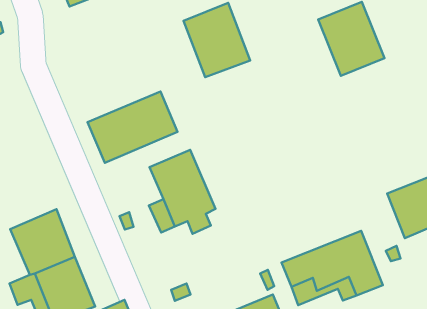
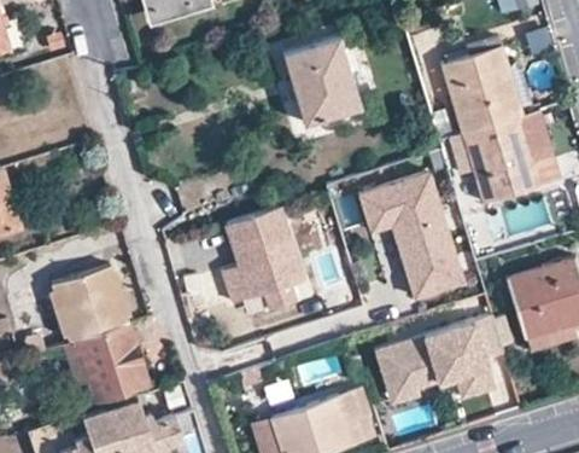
building: none -> [466,111,558,202]
building: [88,91,178,163] -> none
building: none -> [361,172,463,297]

